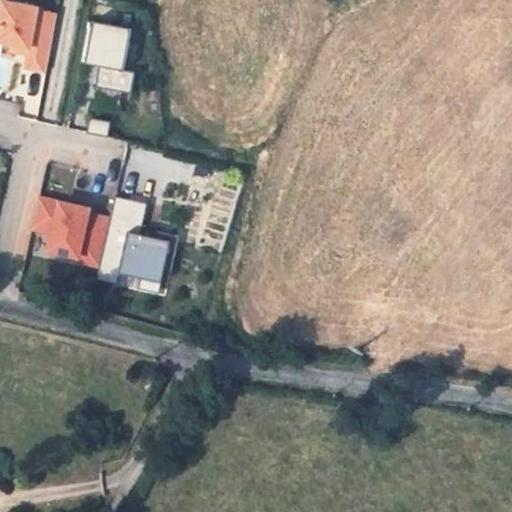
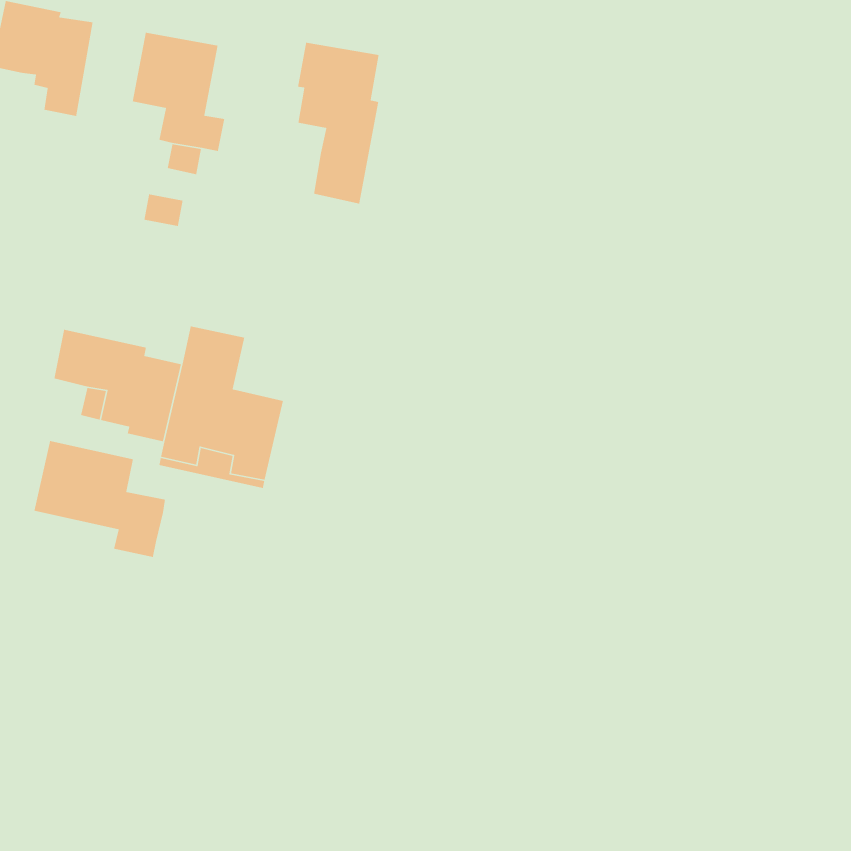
building: none -> [297,42,380,204]
building: none -> [33,440,166,558]

